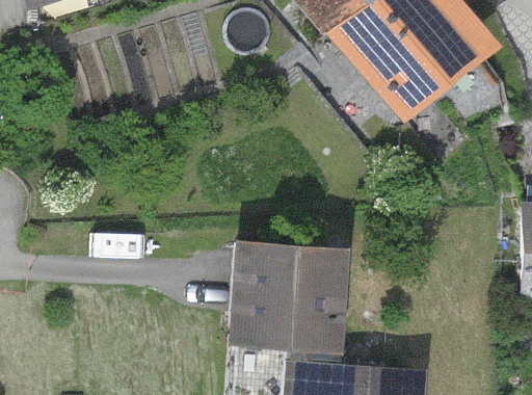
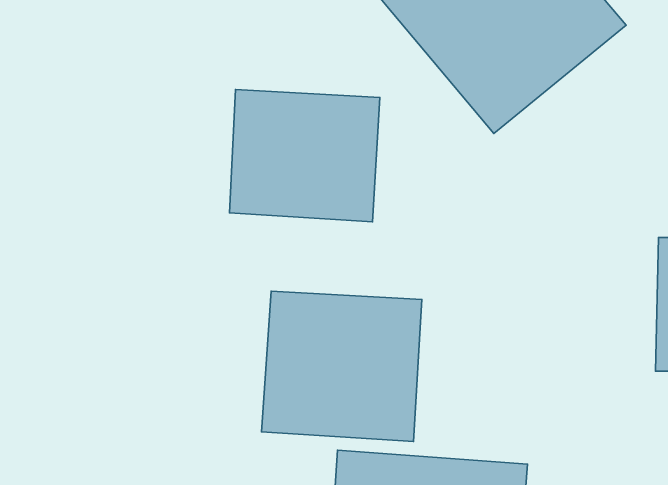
building: none -> [230,89,380,222]

